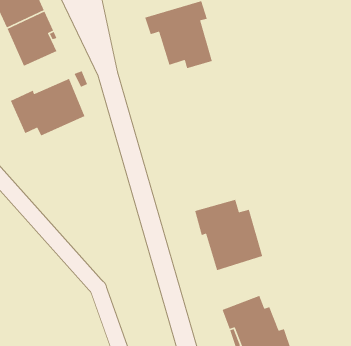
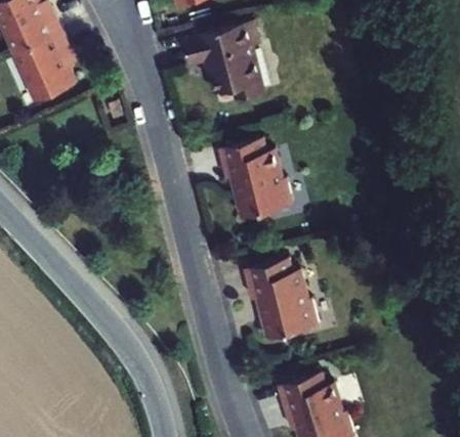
building: [10,78,86,137] -> none
building: none -> [216,139,294,222]

